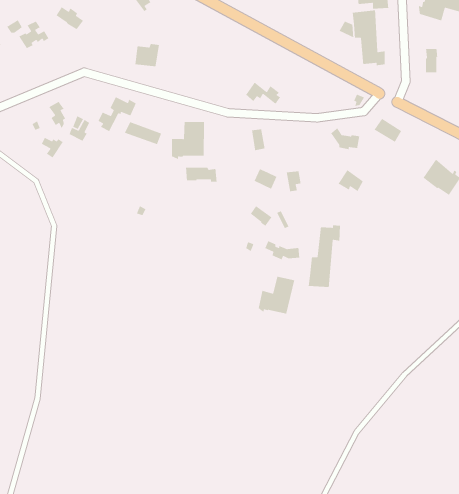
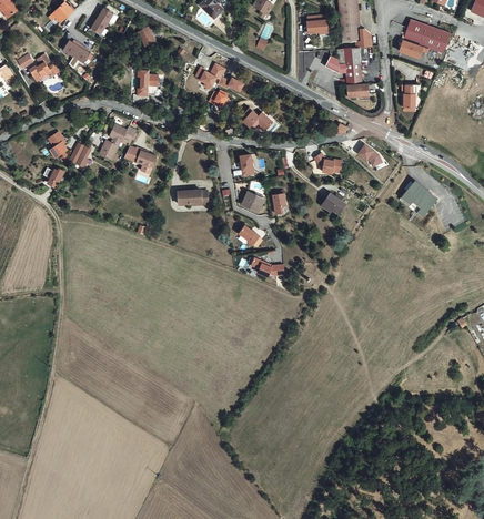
building: none -> [194,63,224,92]
building: [171,121,205,160] -> none
building: [308,224,341,288] -> none
building: [258,276,295,315] -> none

